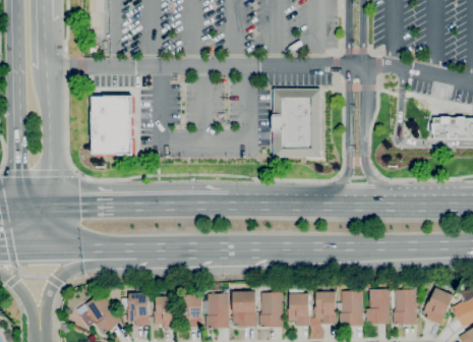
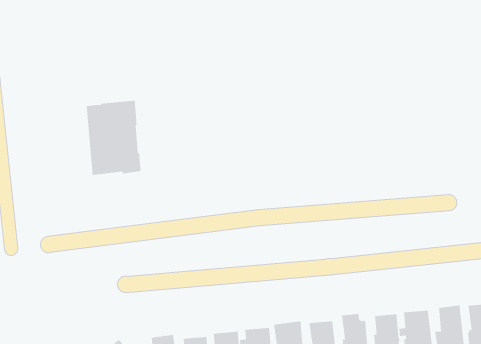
building: [273,89,320,157] -> none

